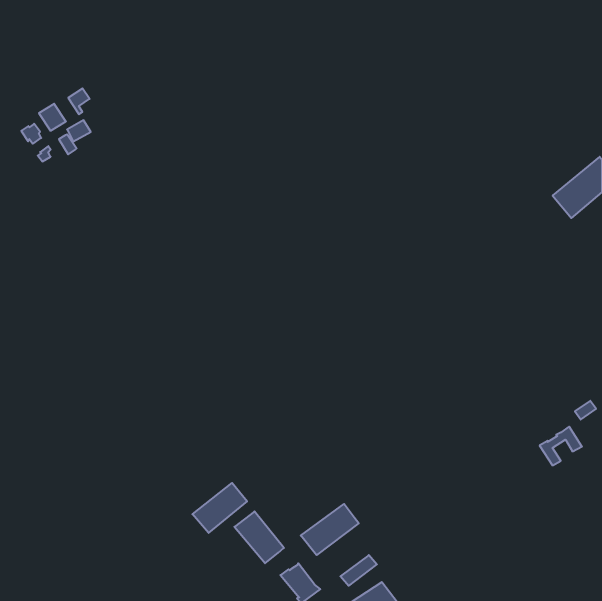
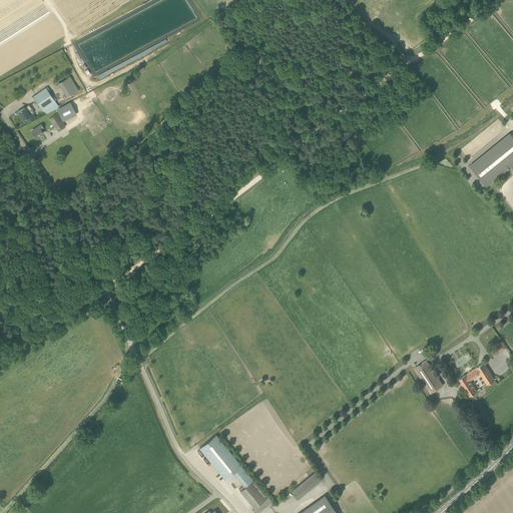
building: none -> [414,360,444,395]
building: [192,483,247,533] -> none
building: [301,504,359,555] -> none

